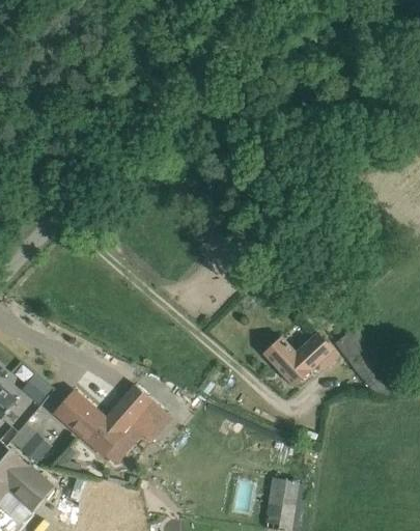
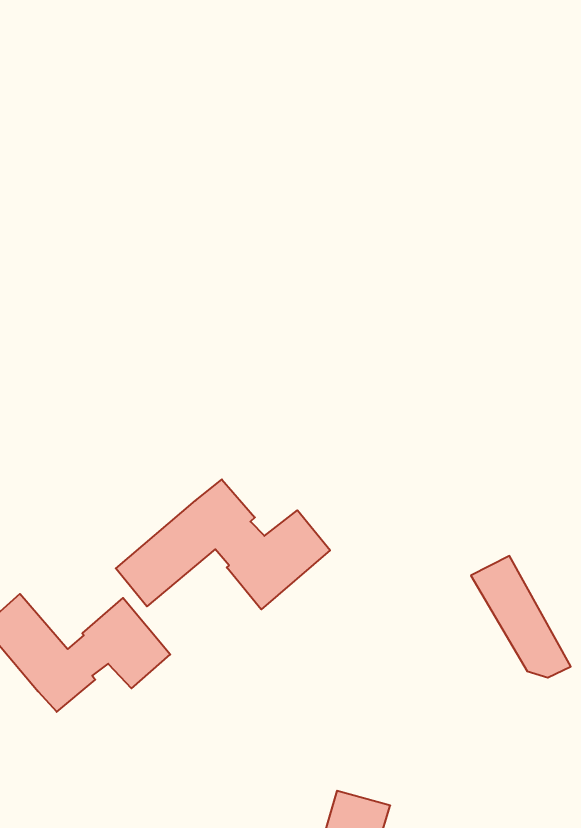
building: none -> [116,479,330,609]
building: [264,335,338,386] -> none

